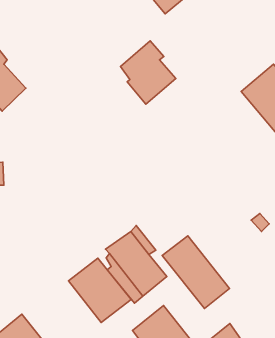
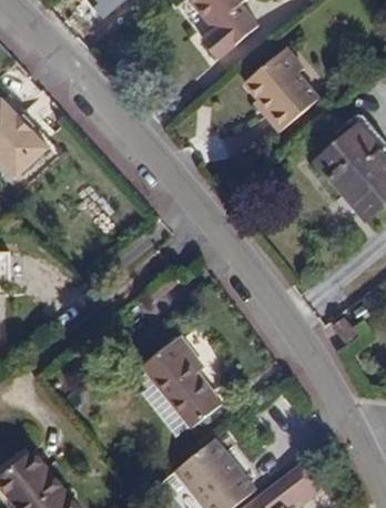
building: [120,41,176,104] -> [246,47,318,129]
building: [162,236,230,309] -> none
building: [69,258,131,323] -> none

